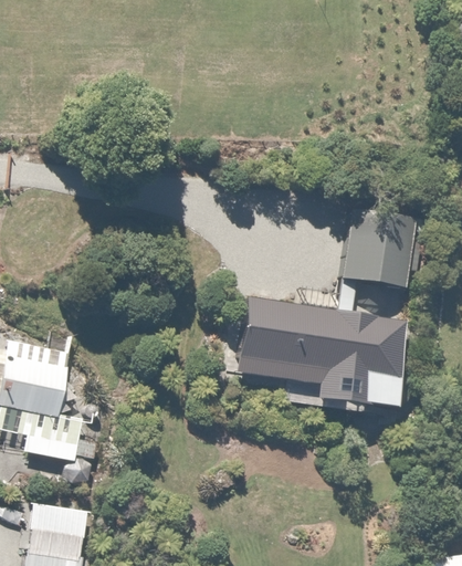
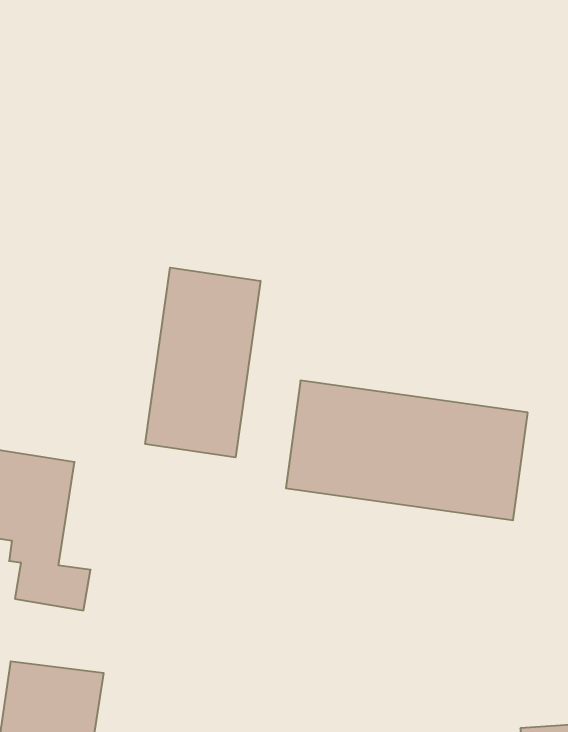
building: none -> [145,268,260,457]
building: [346,214,414,290] -> none

